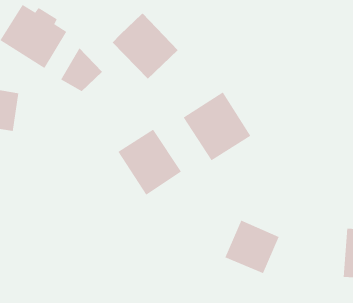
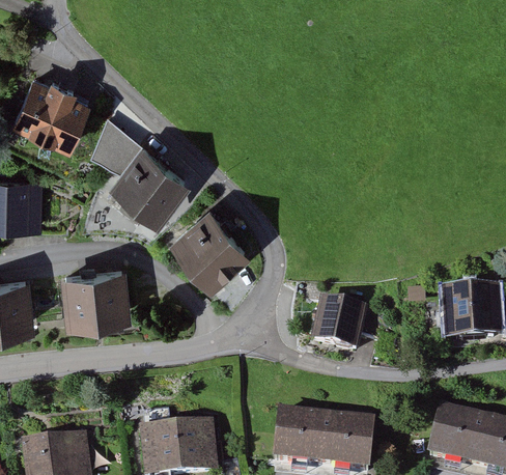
building: [112,13,179,79] -> [107,145,188,224]
building: [183,91,251,161] -> none
building: none -> [58,270,129,326]

